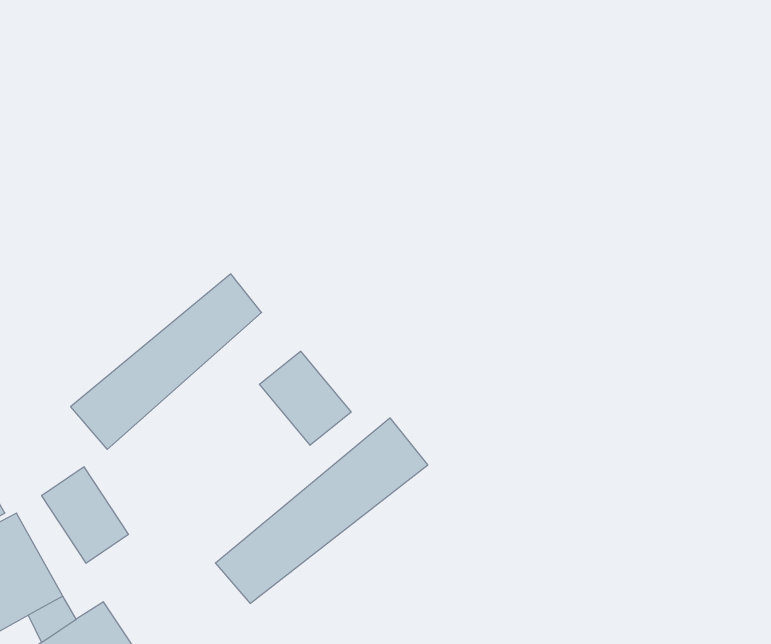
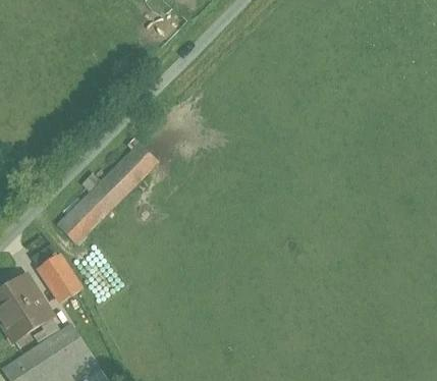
building: [259,351,351,445] -> none
building: [215,418,428,603] -> none

